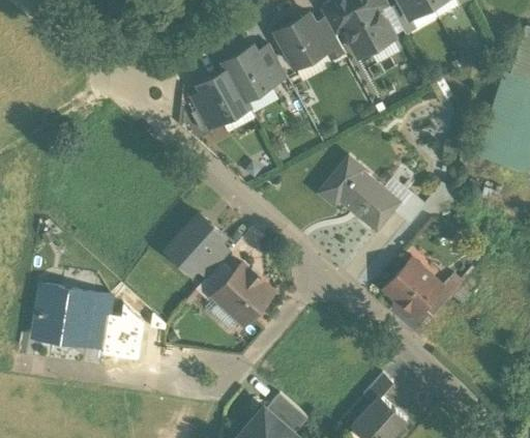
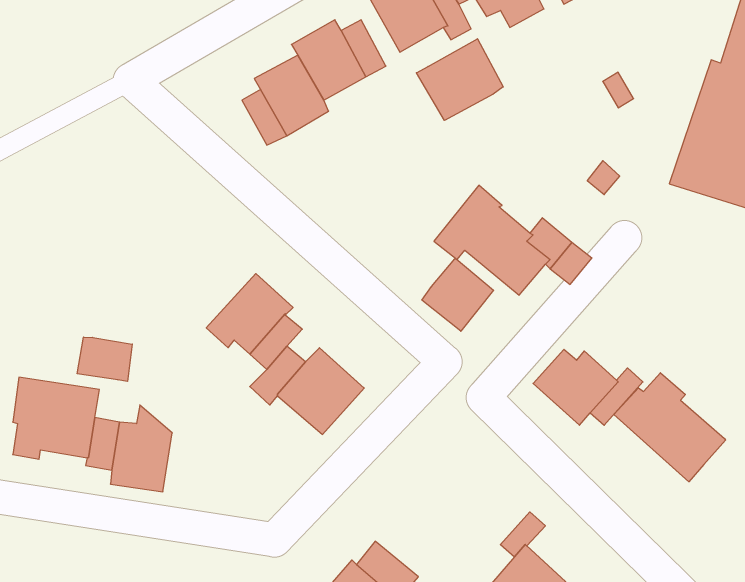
building: none -> [416,39,503,120]
building: none -> [422,259,494,331]
building: none -> [77,337,132,381]
building: none -> [614,373,726,482]

